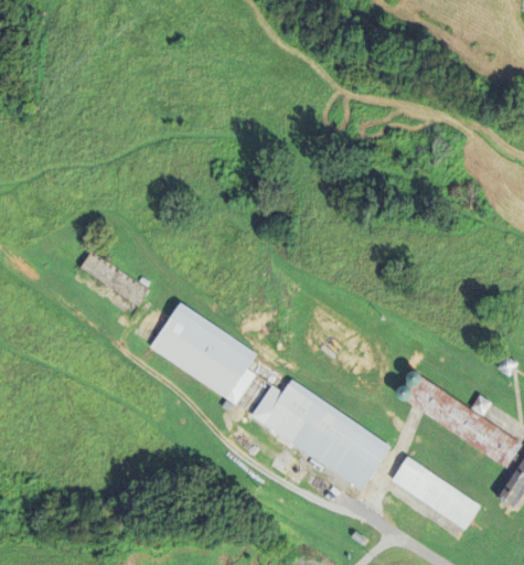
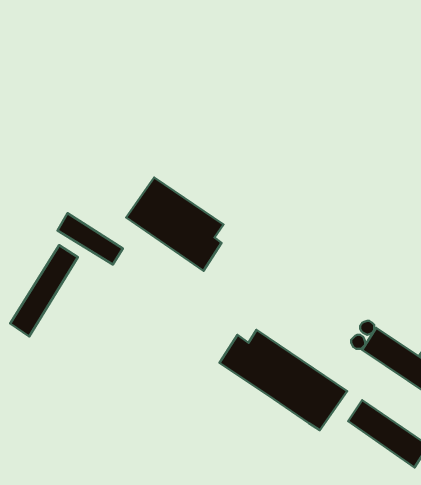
building: none -> [10,245,78,336]
building: [150,302,257,405] -> [126,177,224,271]

